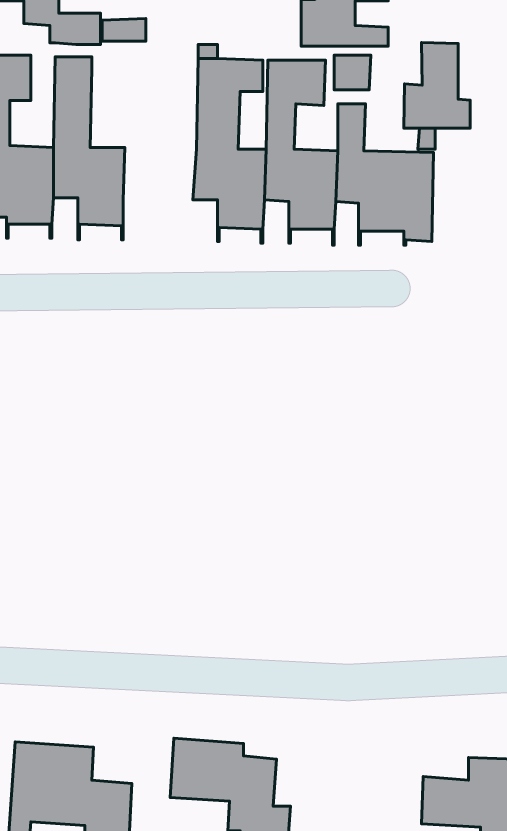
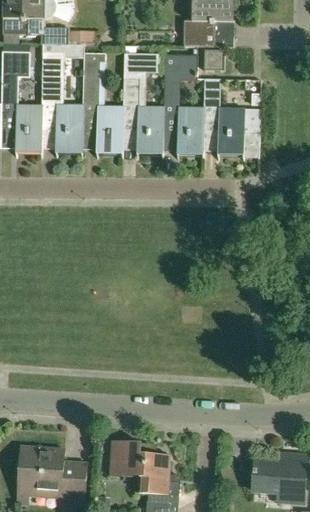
building: [404,42,470,128] -> none
building: none -> [82,54,124,159]

